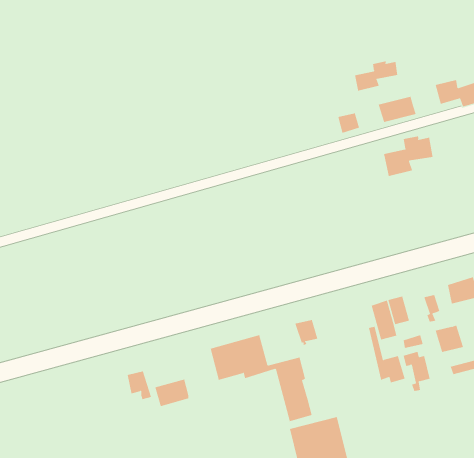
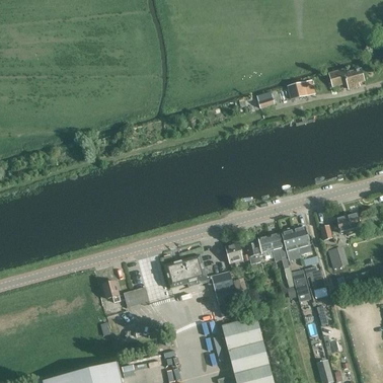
building: [354,61,398,91] -> none
building: [383,136,433,177] -> none
building: none -> [247,232,283,263]

